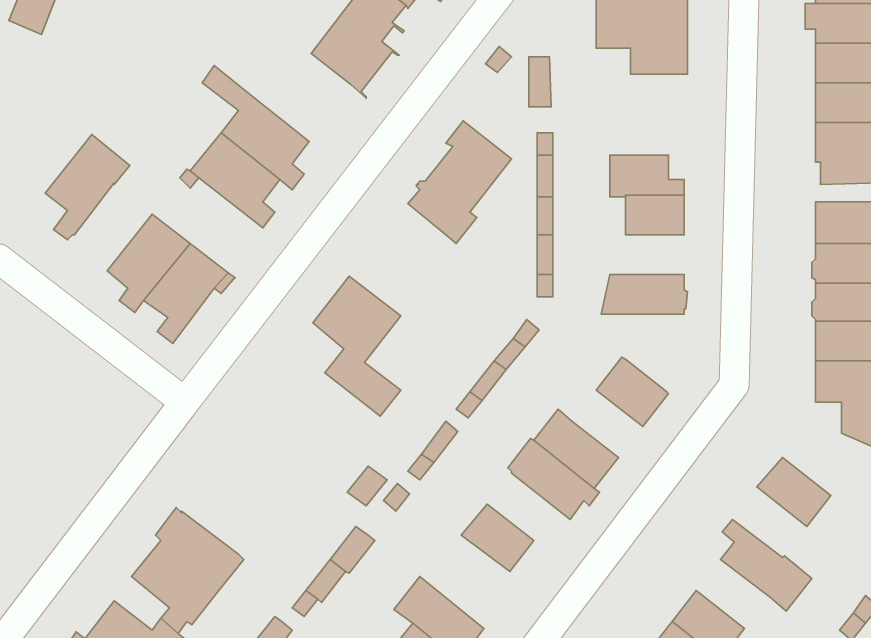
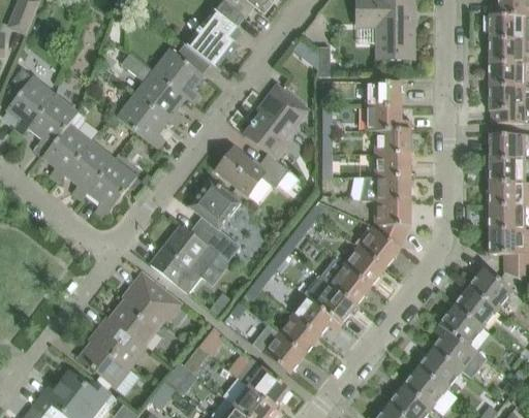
building: none -> [151,42,211,103]
building: none -> [5,67,56,135]
building: none -> [366,81,401,105]
building: none -> [41,111,92,182]
building: none -> [216,147,299,194]
building: none -> [375,153,410,176]
building: none -> [375,200,410,247]
building: none -> [150,224,219,293]
building: none -> [343,246,385,286]
building: none -> [469,266,514,309]
building: none -> [110,271,174,344]
building: none -> [292,295,342,335]
building: none -> [439,303,484,346]
building: none -> [252,324,306,374]
building: none -> [417,347,462,388]

